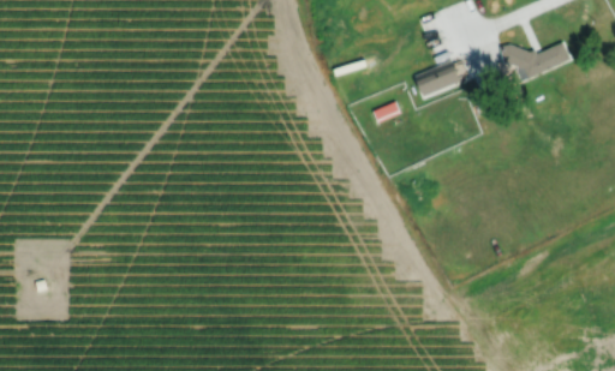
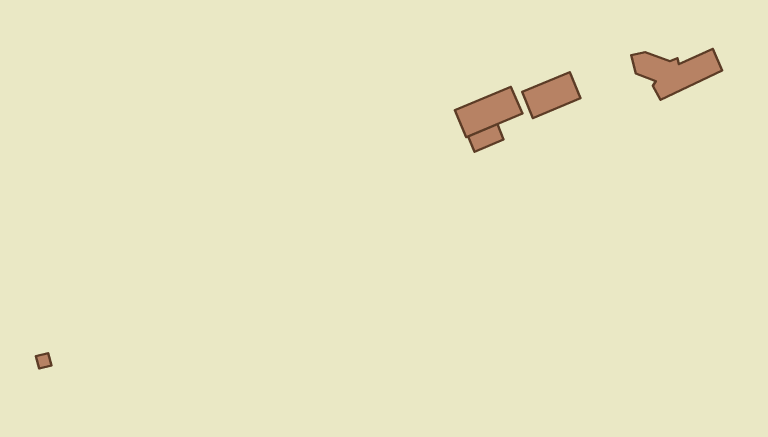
building: none -> [455,87,522,137]

